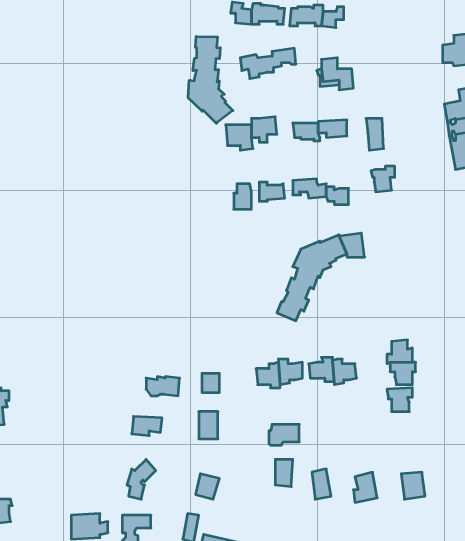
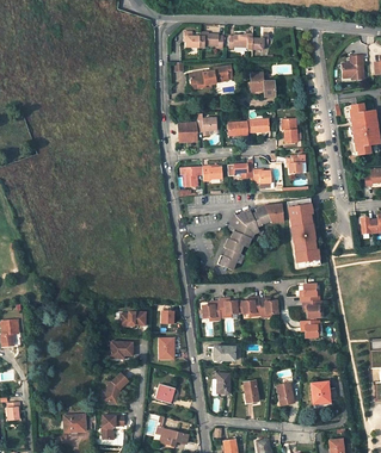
building: [188,36,233,123] -> none
building: none -> [288,198,320,267]

